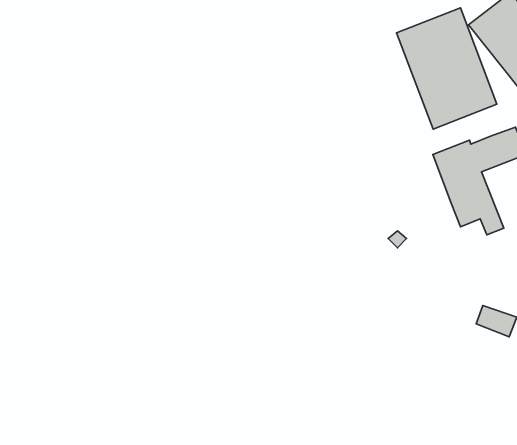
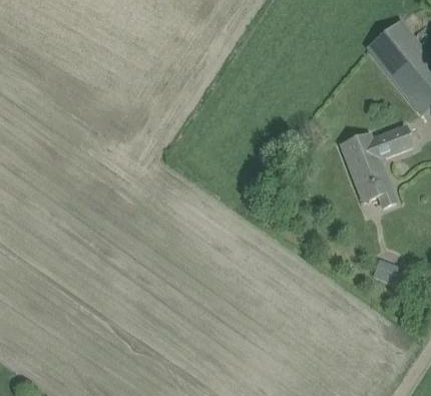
building: [397,8,497,129] -> none

